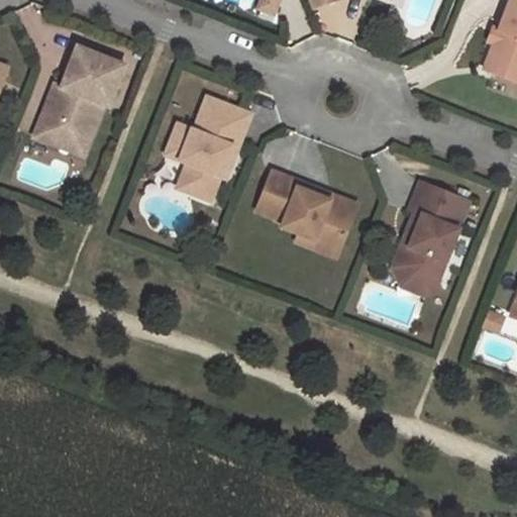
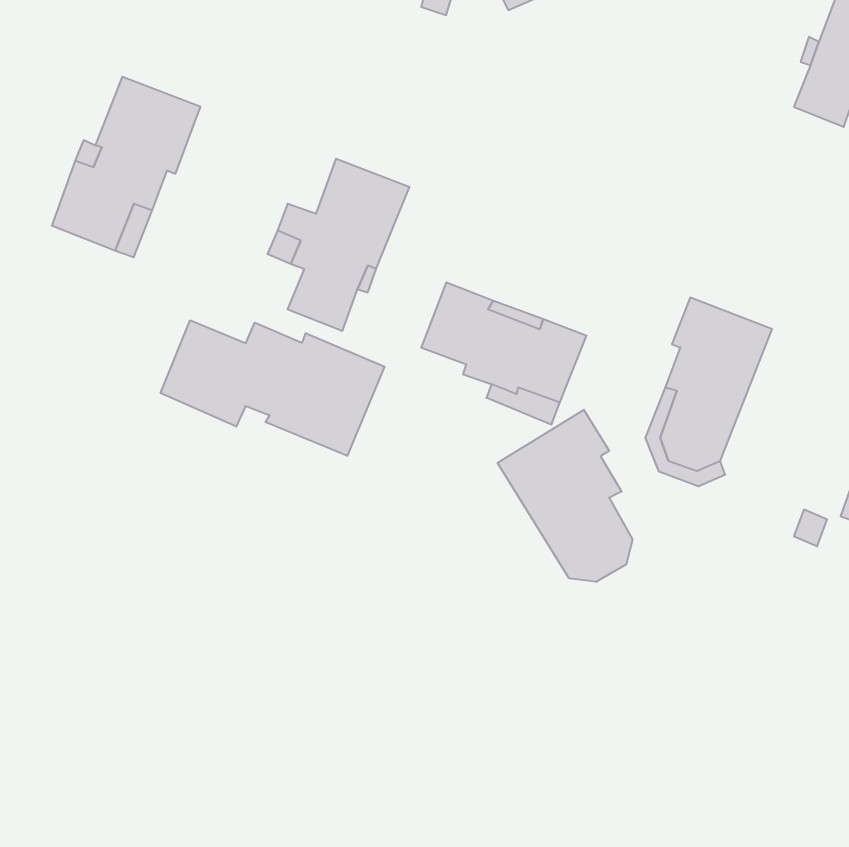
building: none -> [161,320,385,456]
building: none -> [498,410,633,582]

